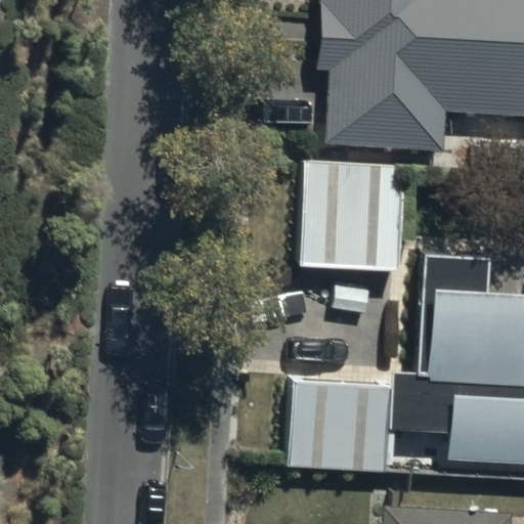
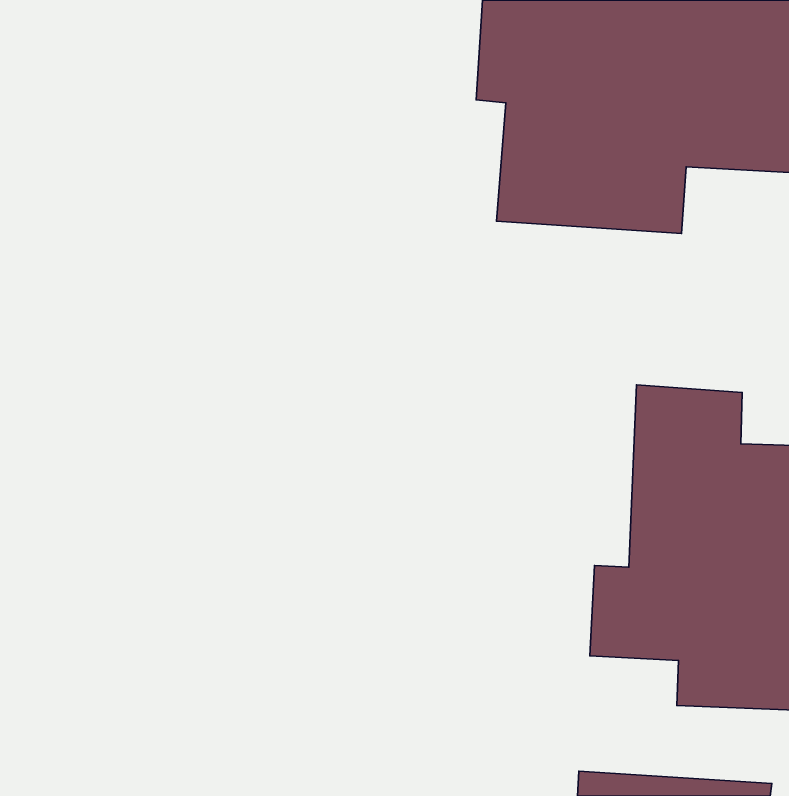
building: [299,164,406,272] -> none
building: [287,382,391,473] -> none

